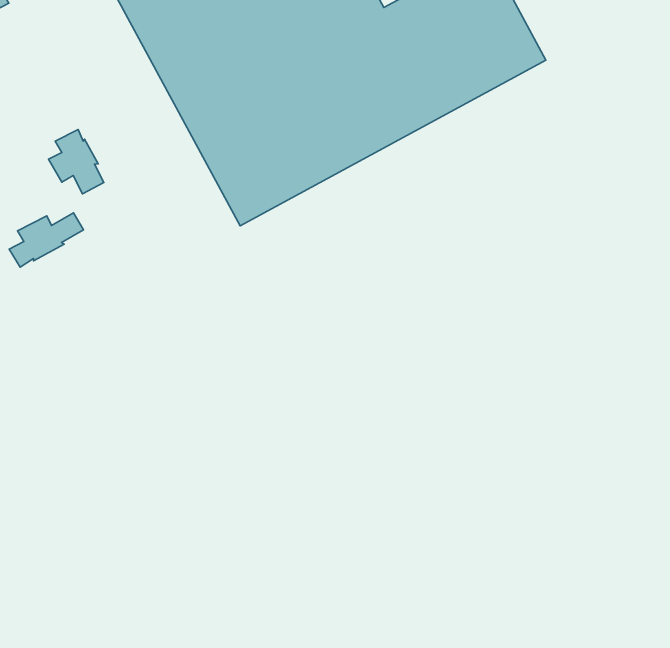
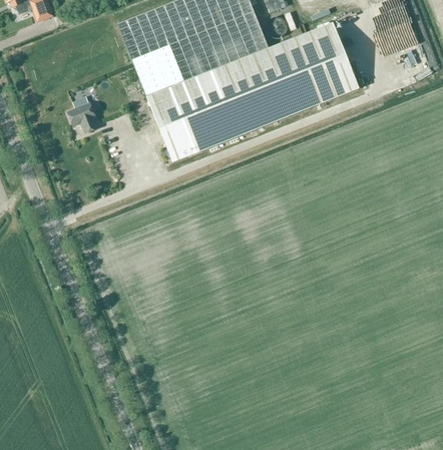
building: [9,213,83,267] -> none

